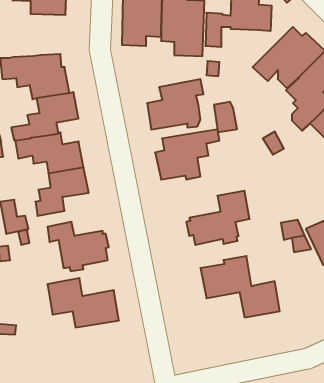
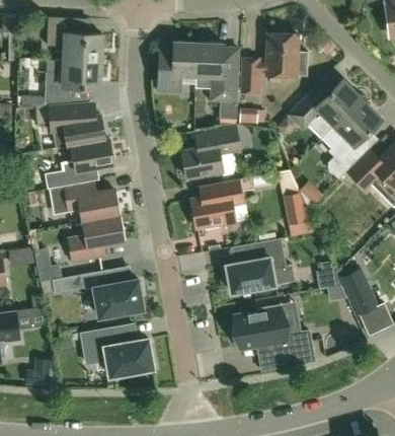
building: none -> [43,60,99,104]
building: [214,102,237,132] -> [285,193,308,223]

